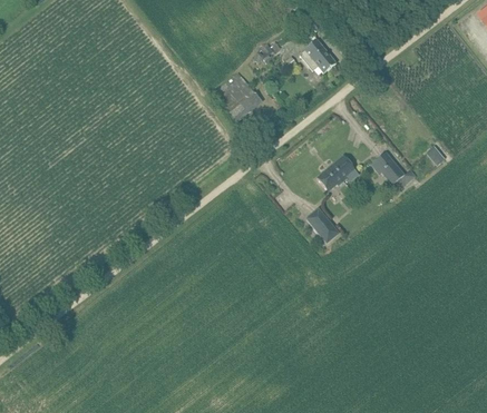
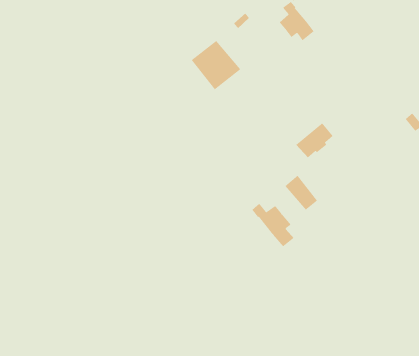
building: [373,153,418,188] -> none
building: none -> [251,203,295,247]

